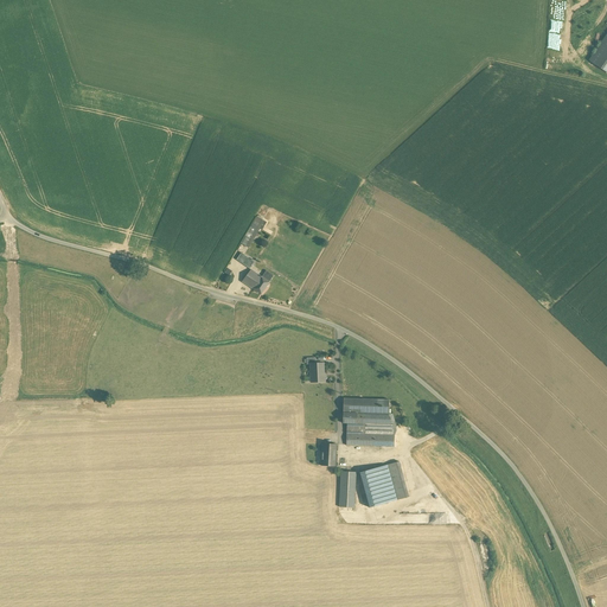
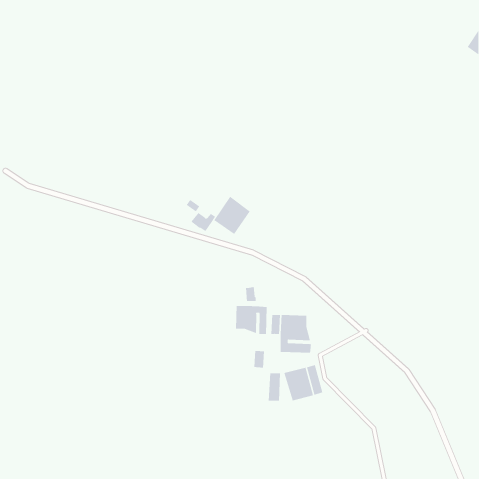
building: none -> [214,196,250,235]
building: none -> [235,305,267,335]

